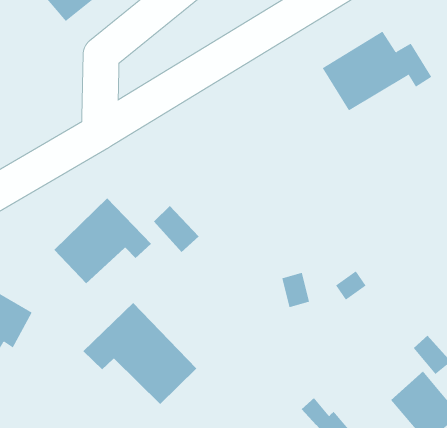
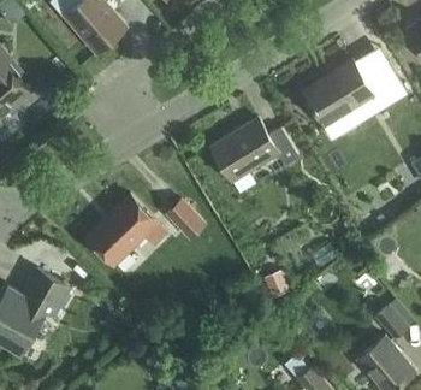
building: none -> [212,119,298,182]
building: [83,302,197,405] -> none

